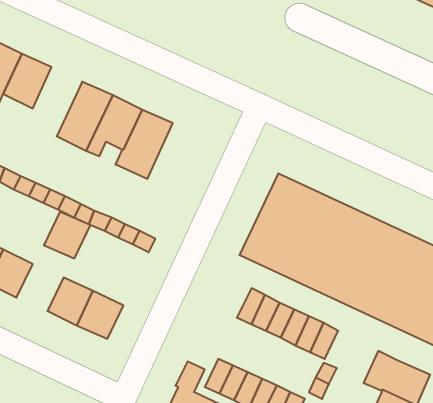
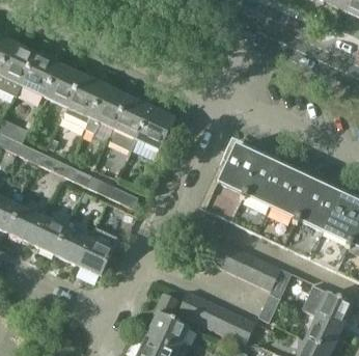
building: none -> [44,63,82,106]
building: none -> [138,107,175,149]
building: [44,212,90,258] -> [31,217,67,253]

